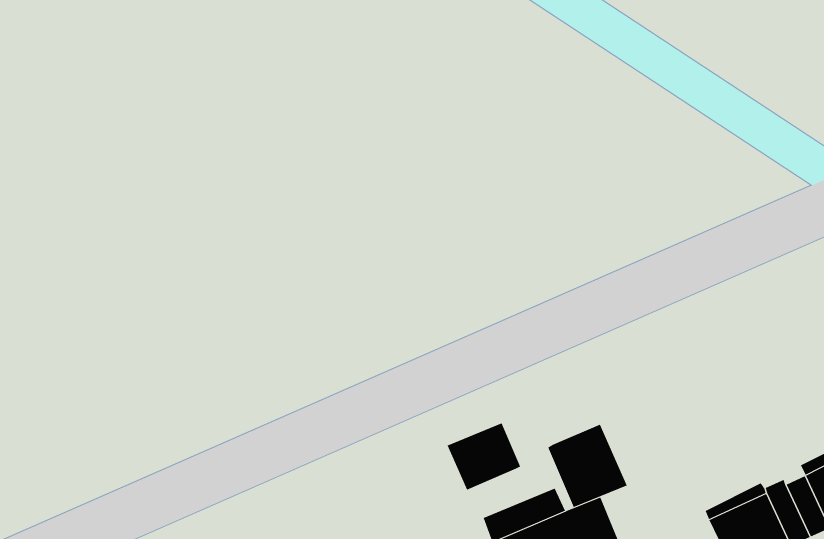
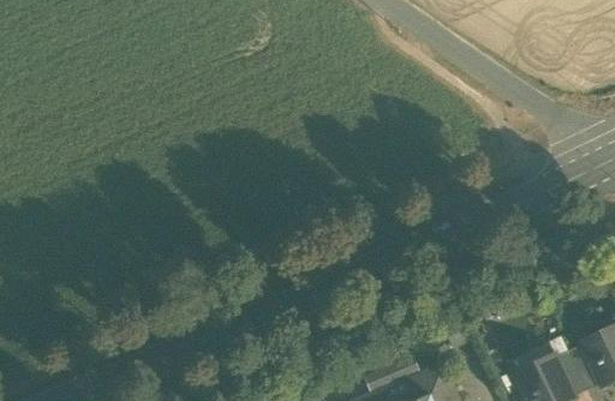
building: [447,422,521,491] -> none
building: [548,424,627,508] -> none

